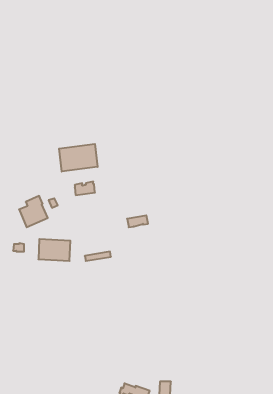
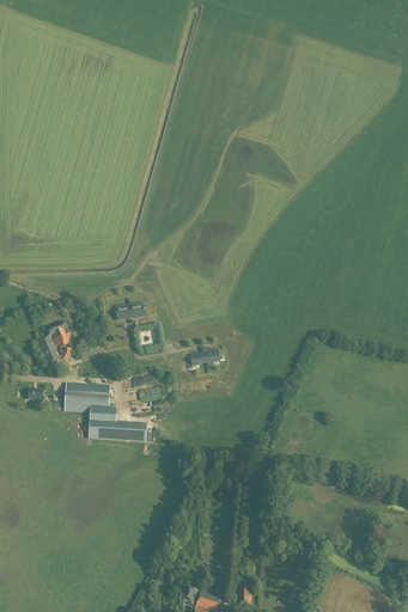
building: [59,144,98,172] -> none
building: none -> [89,420,127,441]

